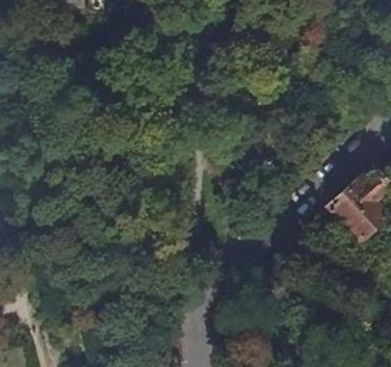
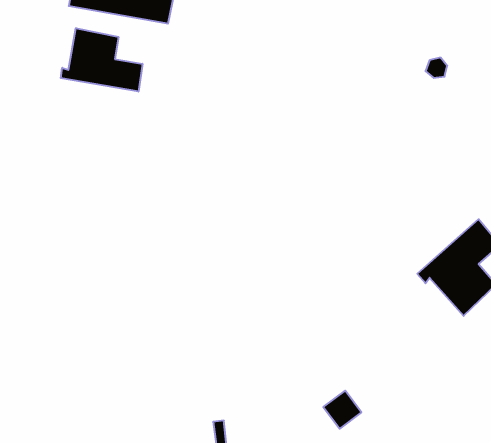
building: none -> [61,28,142,92]

